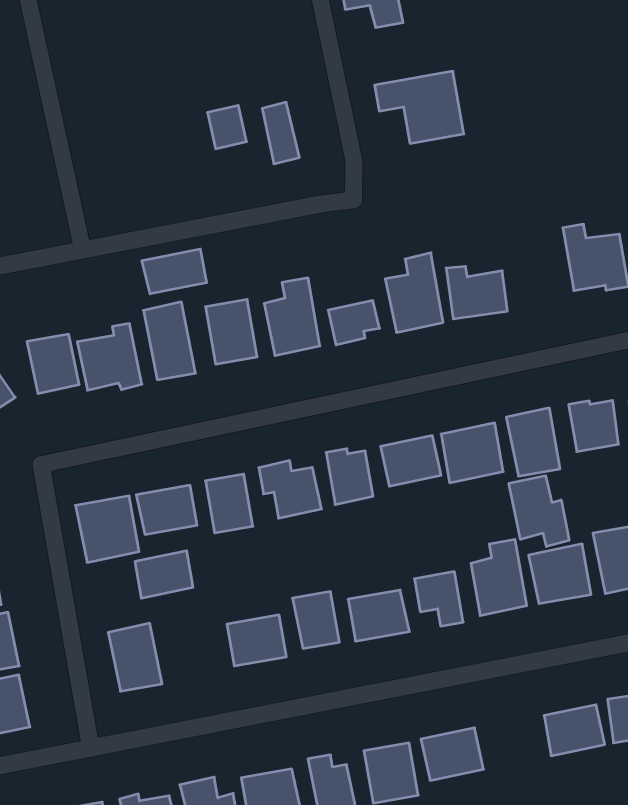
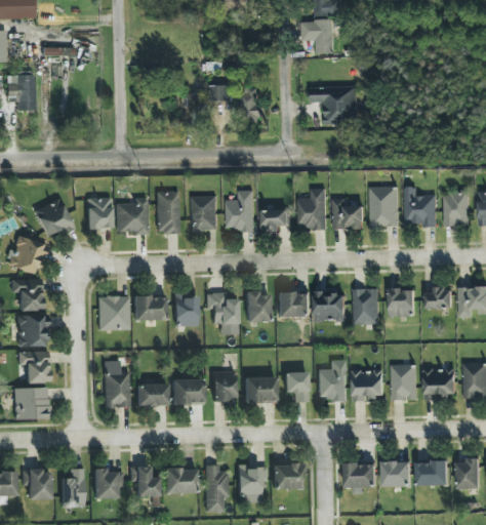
building: none -> [369,187,399,227]
building: [142,249,207,294] -> none
building: [509,476,569,547] -> none
building: [135,551,193,598] -> [136,383,167,406]

